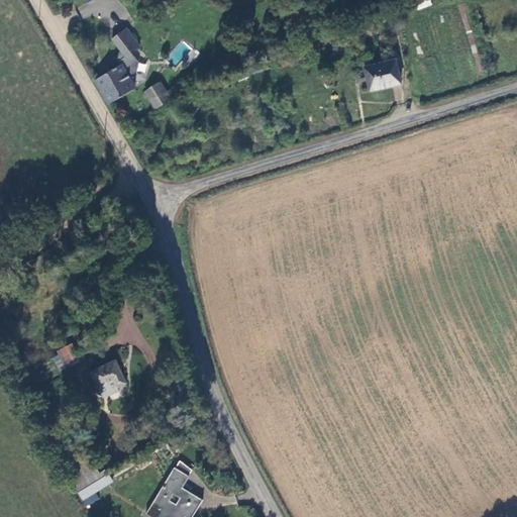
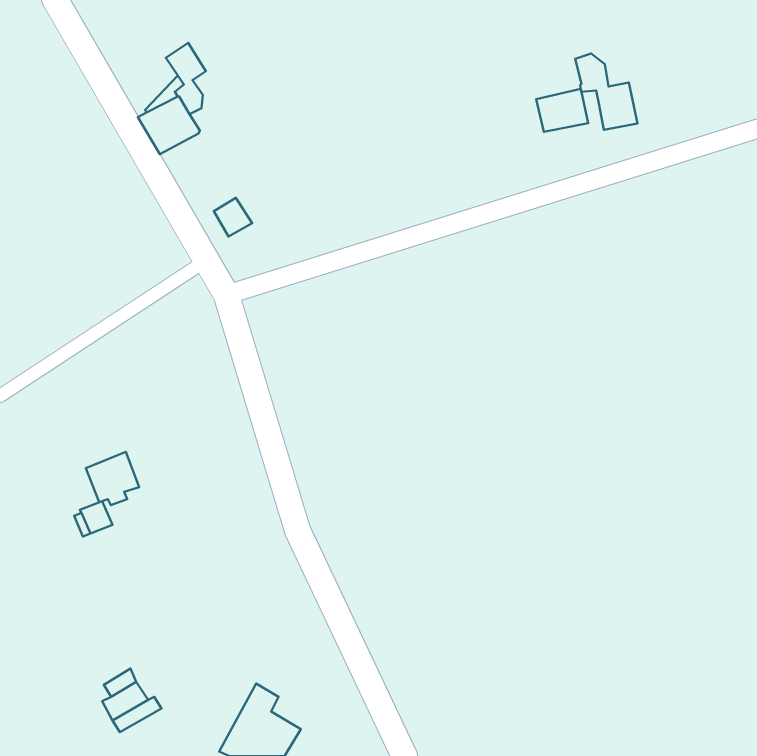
building: none -> [575,54,638,130]
building: [144,84,171,110] -> [214,198,252,236]
building: [87,359,123,396] -> [86,452,139,505]

